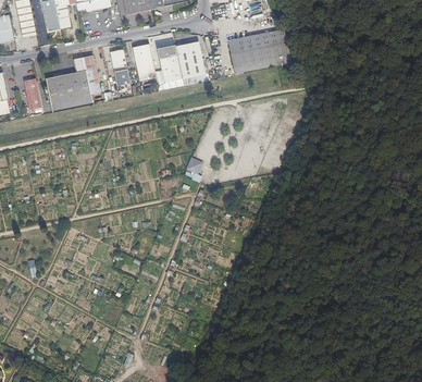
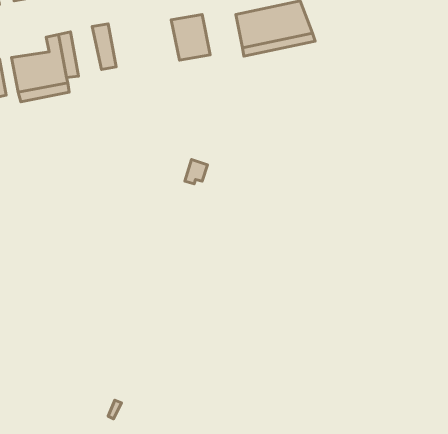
building: [134,42,154,78] -> none
building: [157,44,181,81] -> none

